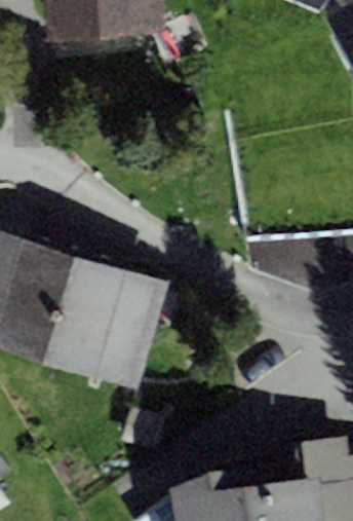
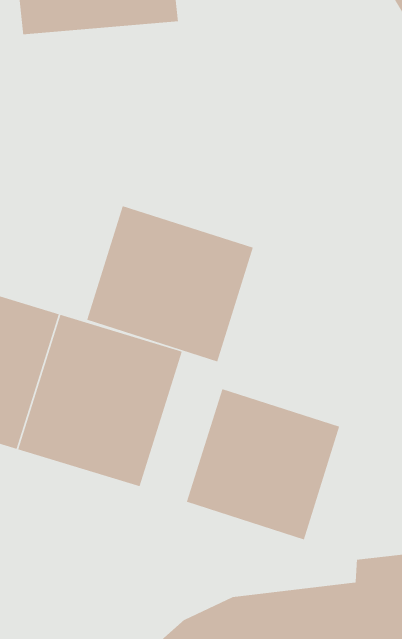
building: none -> [86,205,254,362]
building: none -> [186,388,340,540]

